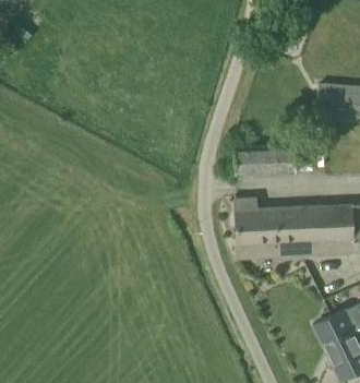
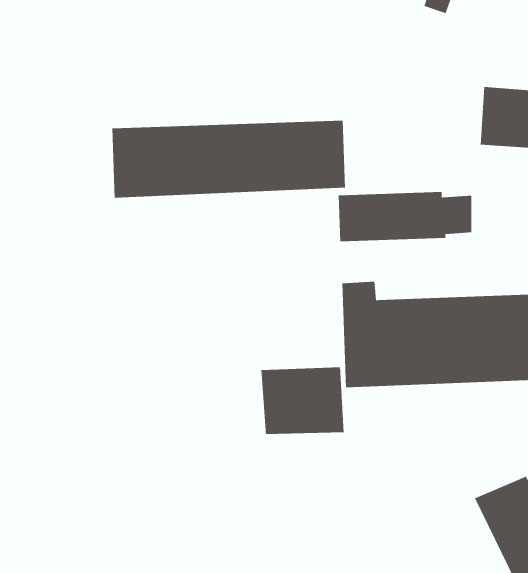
building: none -> [112,120,345,199]
building: none -> [261,366,344,435]

